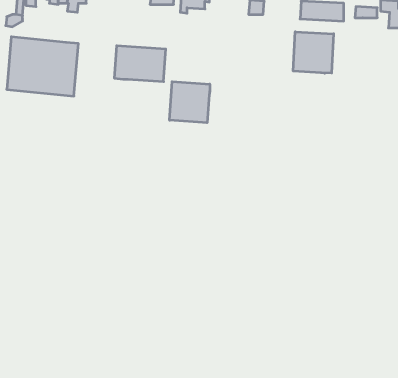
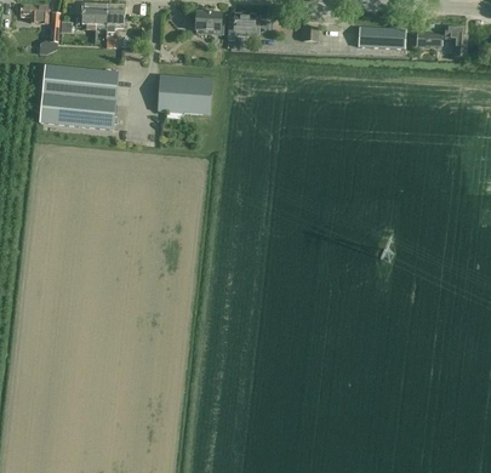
building: [293,32,334,73] -> none
building: [170,82,210,123] -> none

